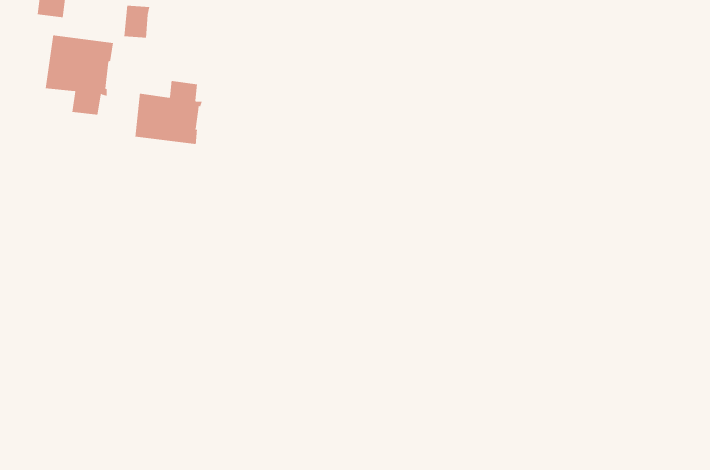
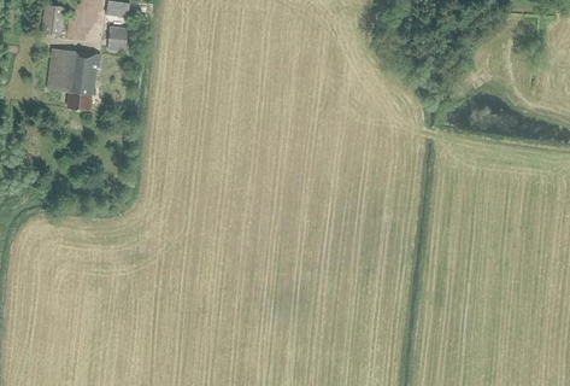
building: [135,80,202,145] -> none

